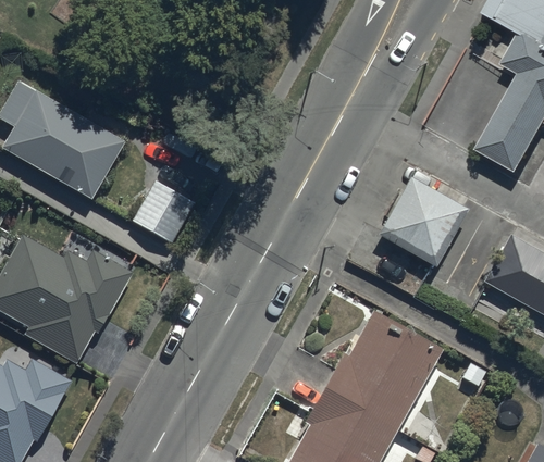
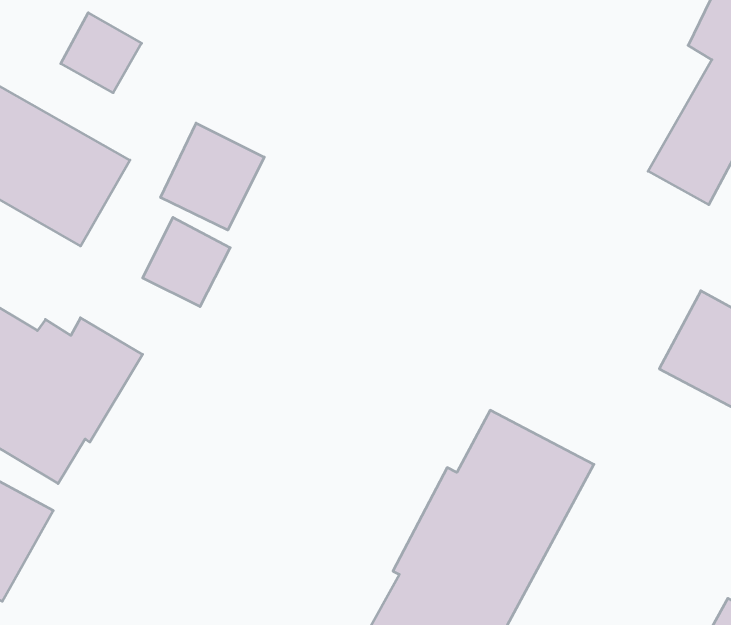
building: none -> [61,13,142,93]
building: none -> [161,123,264,230]
building: [381,178,471,264] -> none

